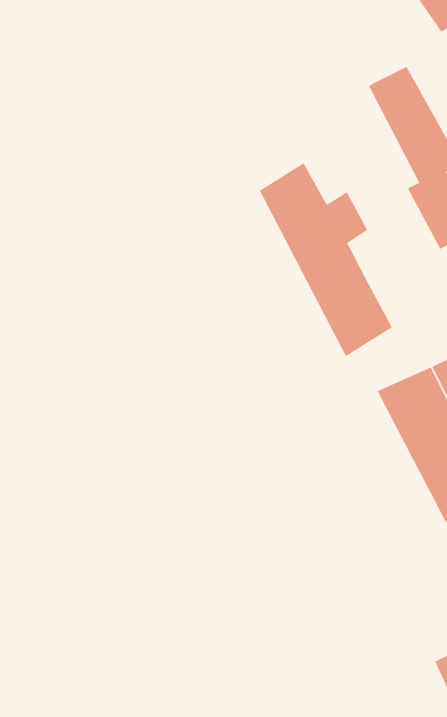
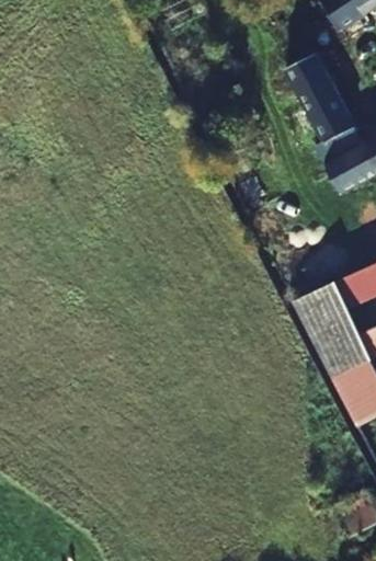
building: [259,162,393,357] -> none

